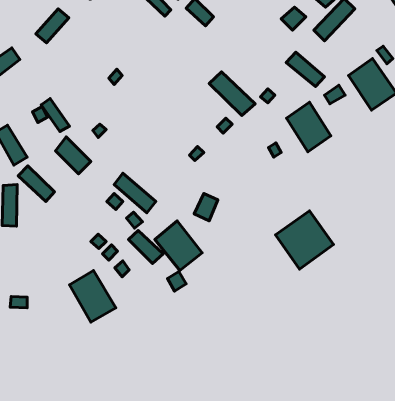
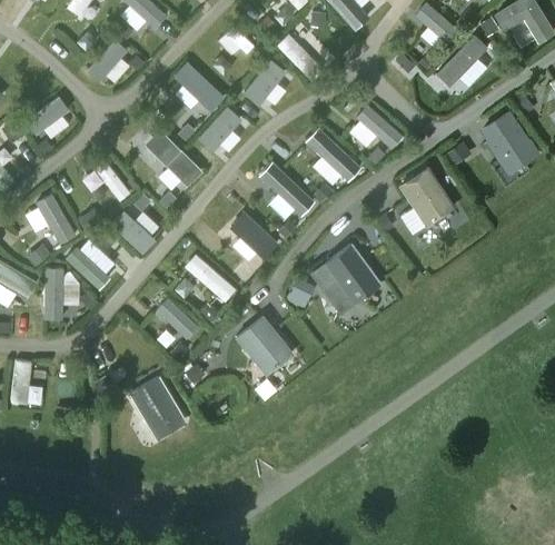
building: none -> [244,59,286,107]
building: none -> [172,60,226,111]
building: [286,52,324,87] -> [356,105,404,148]
building: none -> [197,106,241,152]
building: none -> [145,127,202,187]
building: none -> [260,161,316,215]
building: none -> [229,210,280,258]
building: [276,211,333,269] -> [310,241,383,315]
building: [129,231,163,263] -> [153,298,197,339]

